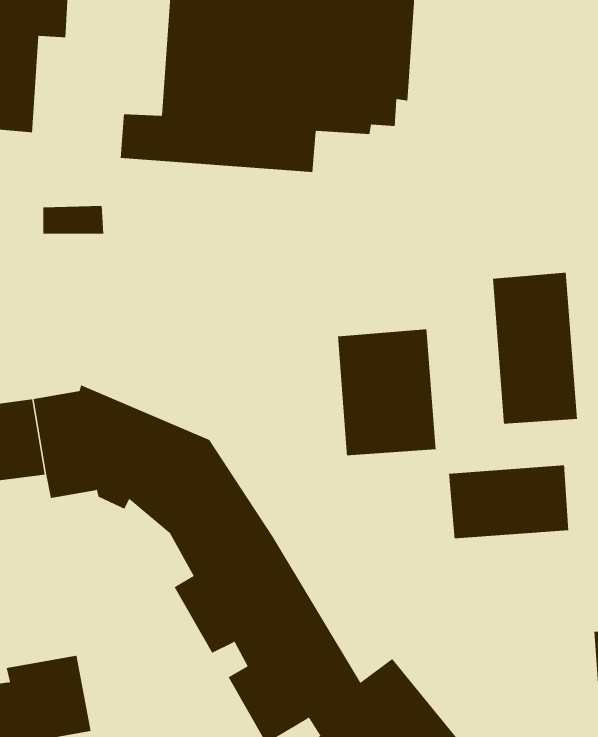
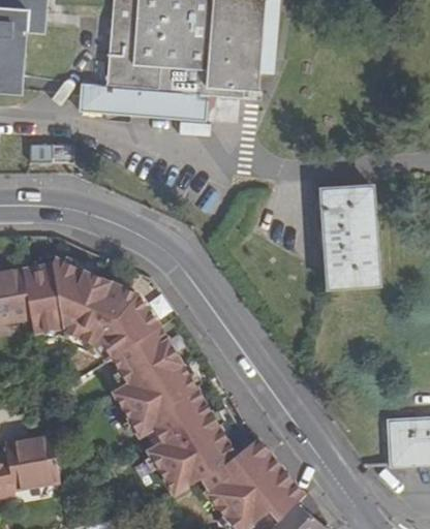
building: [338,328,436,456] -> none
building: [449,465,569,539] -> none

